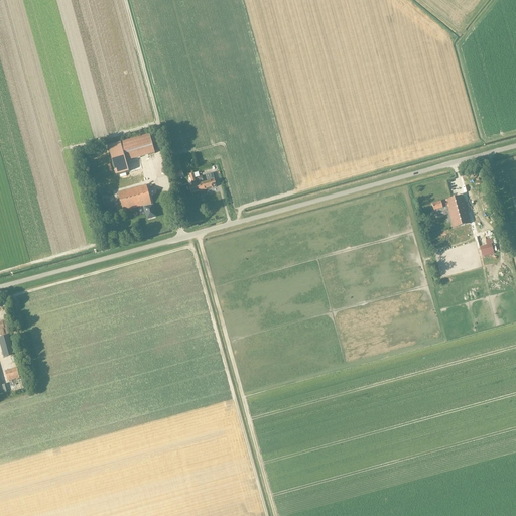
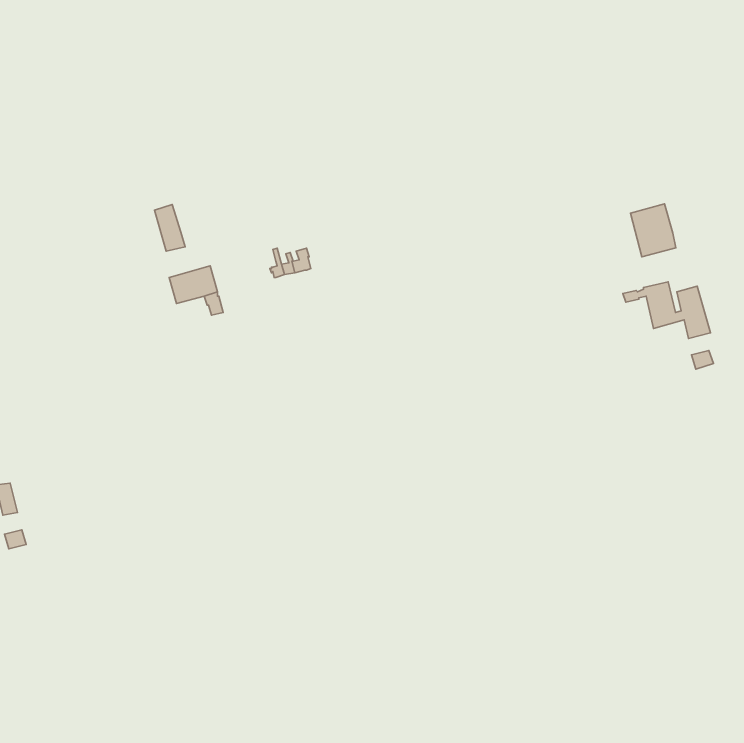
building: [120,133,153,170] -> none
building: none -> [631,204,676,257]

